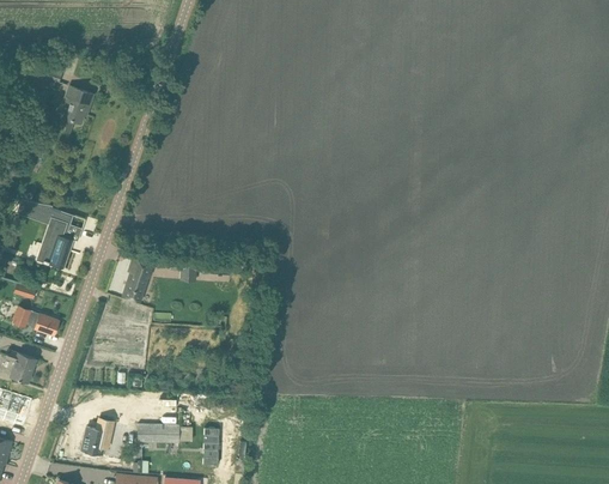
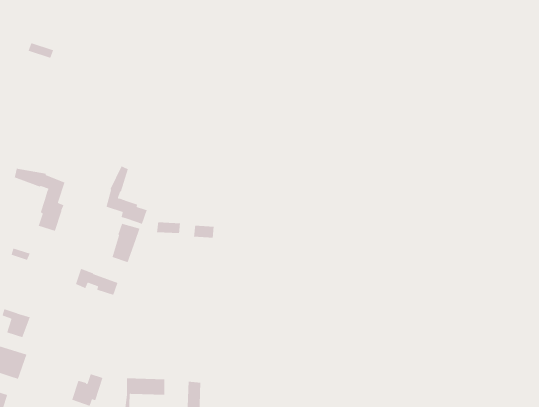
building: [59,86,93,133] -> none
building: none -> [106,165,148,225]
building: [12,305,59,335] -> [75,268,118,296]

